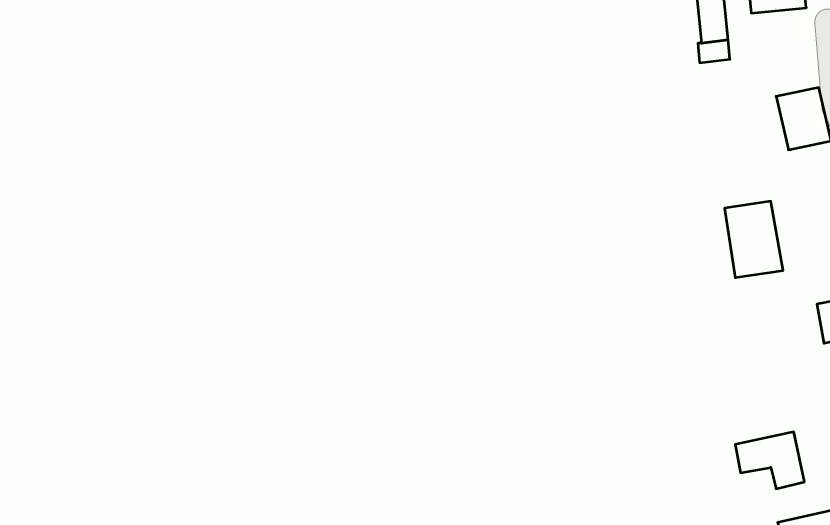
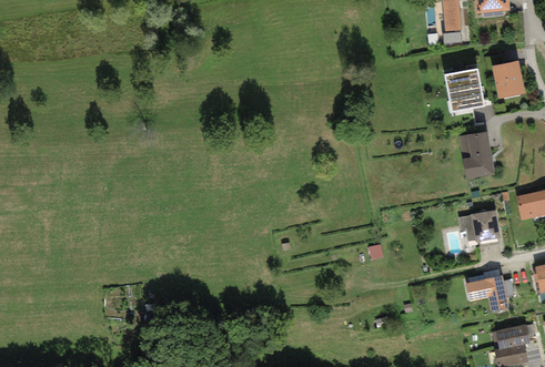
building: none -> [443,68,485,112]
building: none -> [458,210,499,242]

